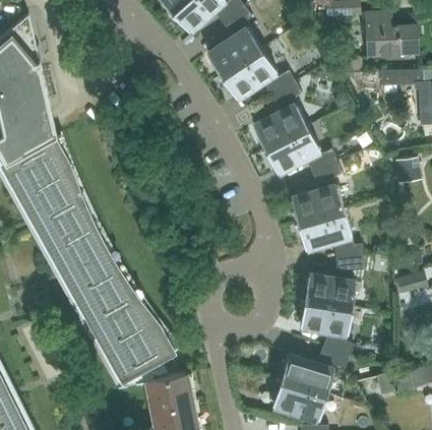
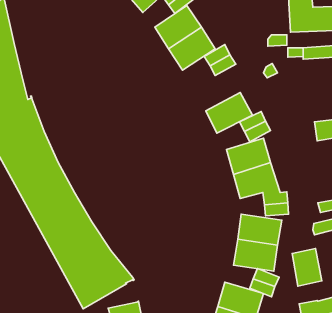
building: [252,102,307,149] -> none
building: none -> [292,249,322,286]

